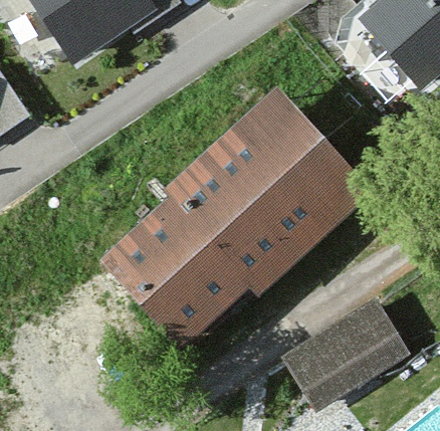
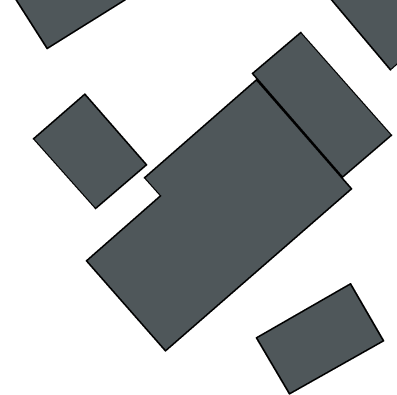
building: none -> [252,33,391,177]
building: none -> [33,94,147,208]

